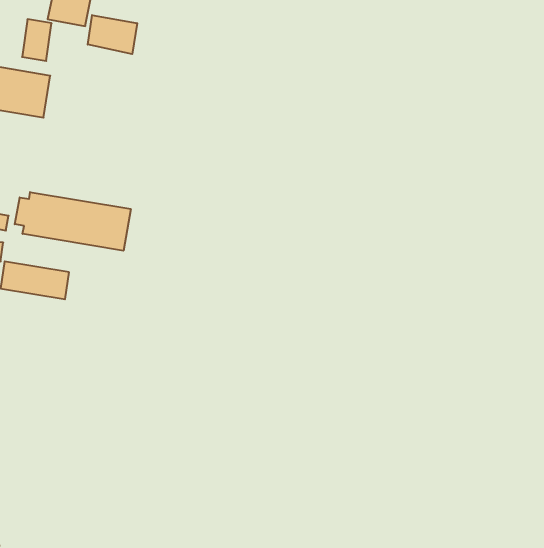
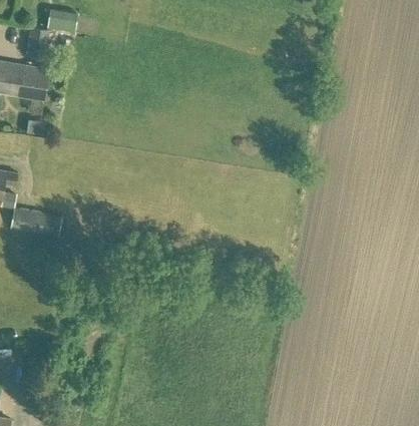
building: [88,15,137,54] -> none
building: [15,192,131,251] -> none

